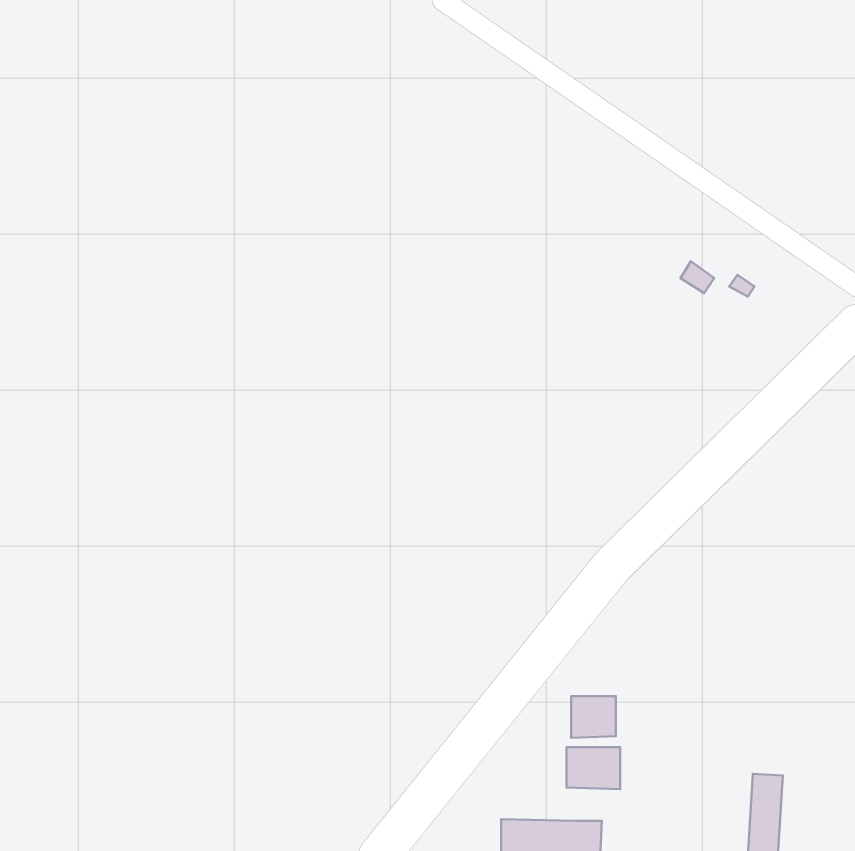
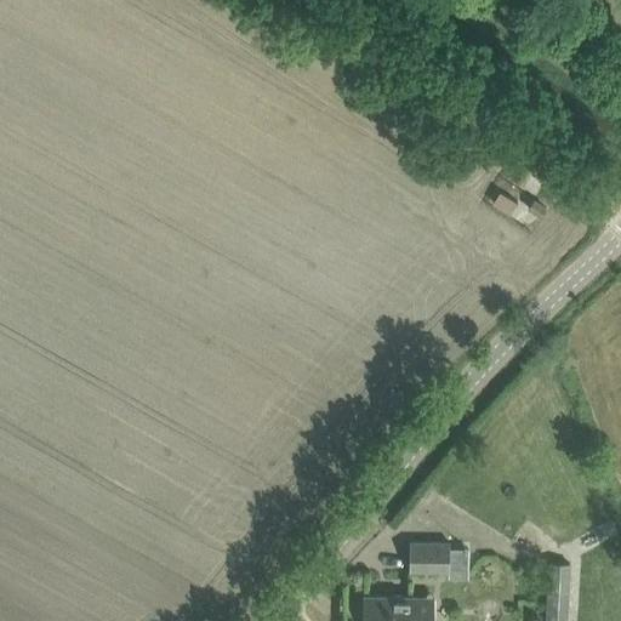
building: [571,696,616,738] -> none

